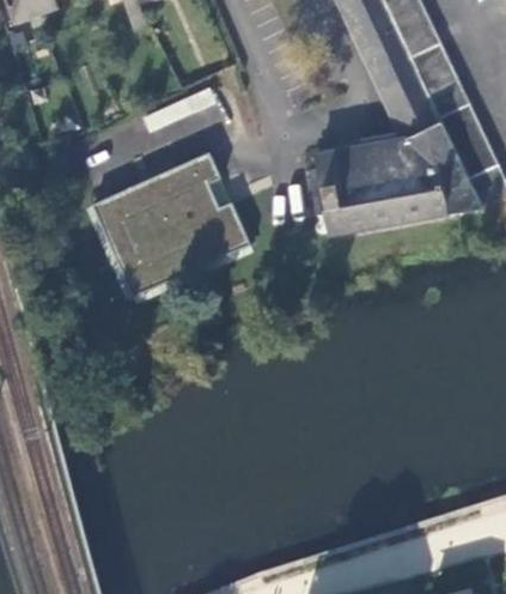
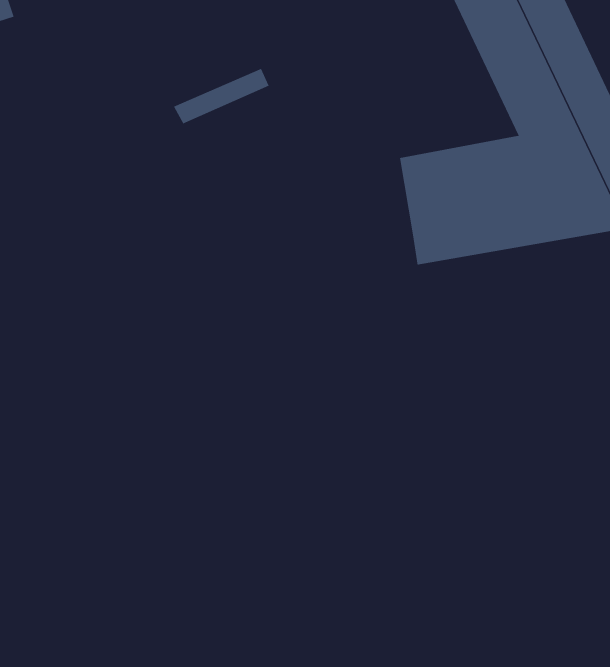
building: [95,148,255,292] -> none

